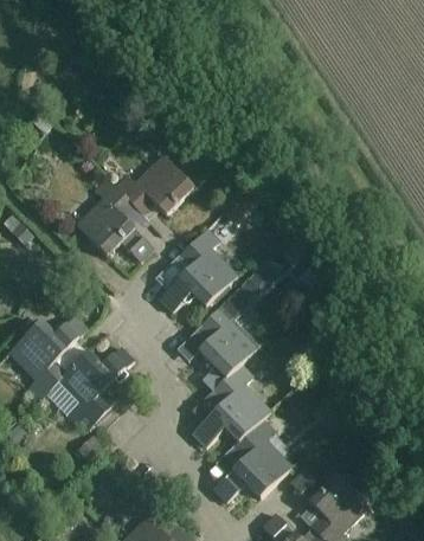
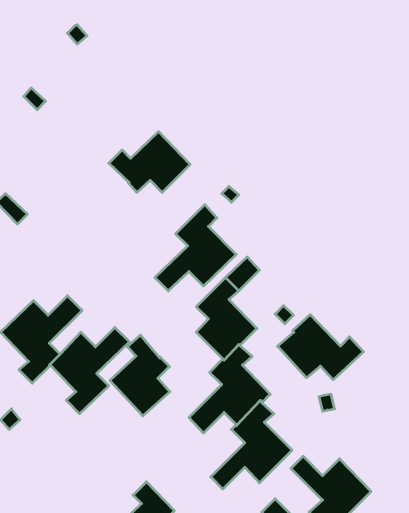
building: [73,175,152,262] -> none
building: none -> [277,315,363,380]
building: none -> [110,335,170,416]

